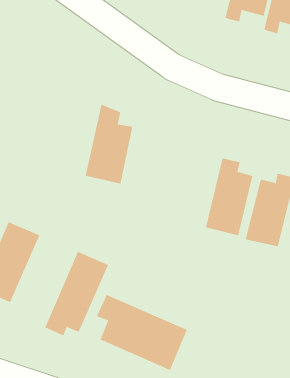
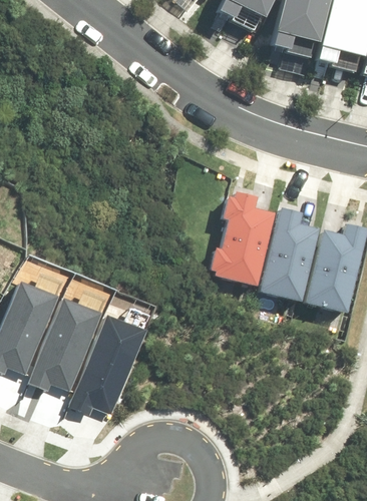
building: [85,104,133,184] -> [210,187,267,283]
building: none -> [29,295,105,395]
building: [96,294,188,371] -> none

